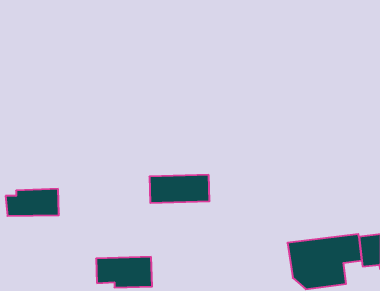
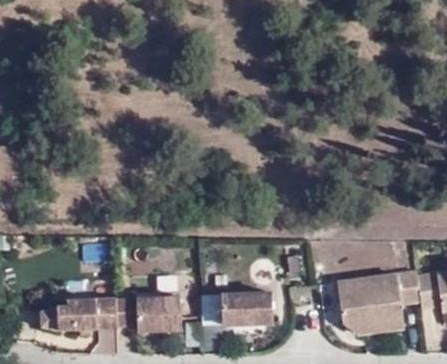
building: [149,175,210,203] -> [202,294,271,326]
building: [6,189,59,216] -> [56,298,117,329]

